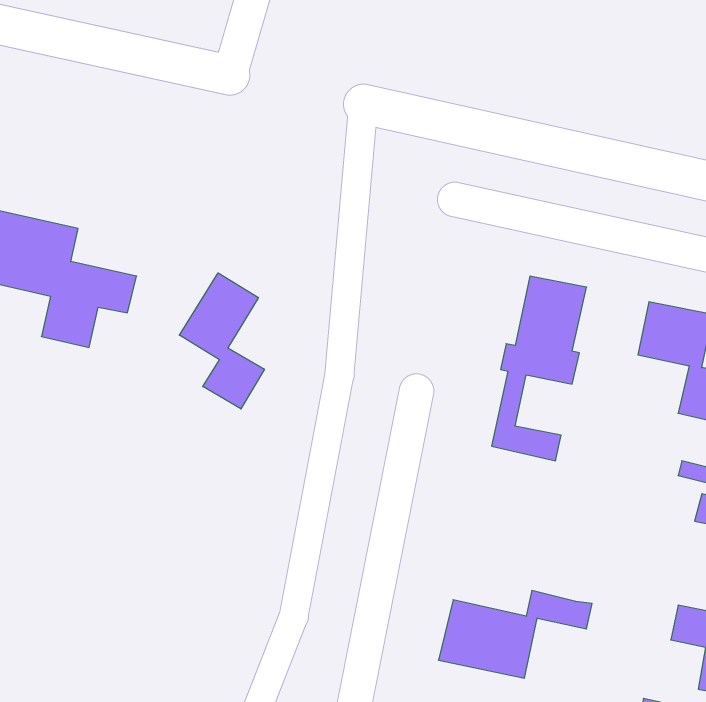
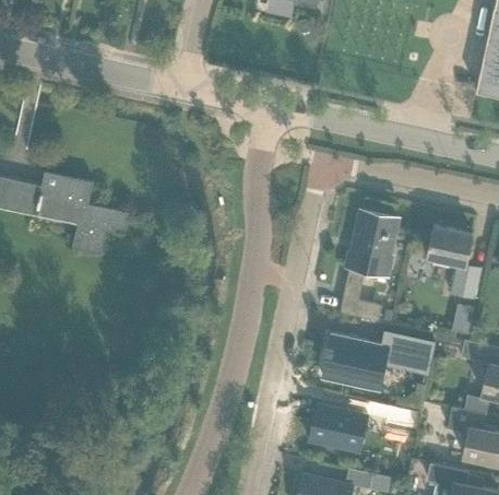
building: [179,273,264,409] -> none
building: none -> [322,332,425,389]

